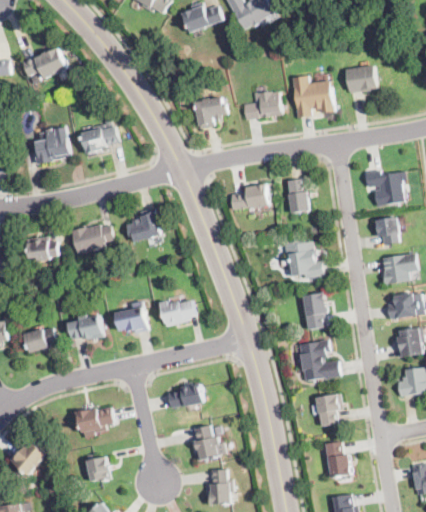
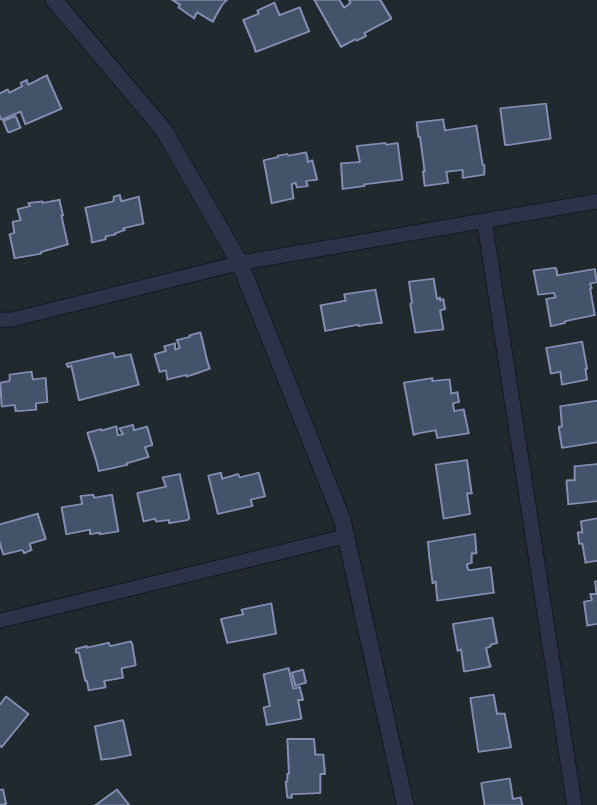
building: none -> [88,425,152,471]

